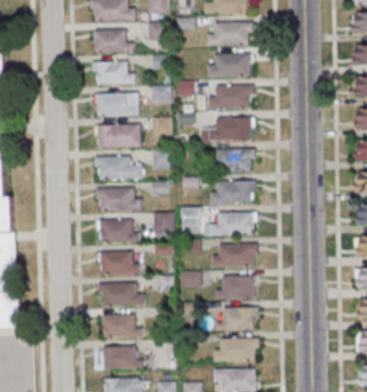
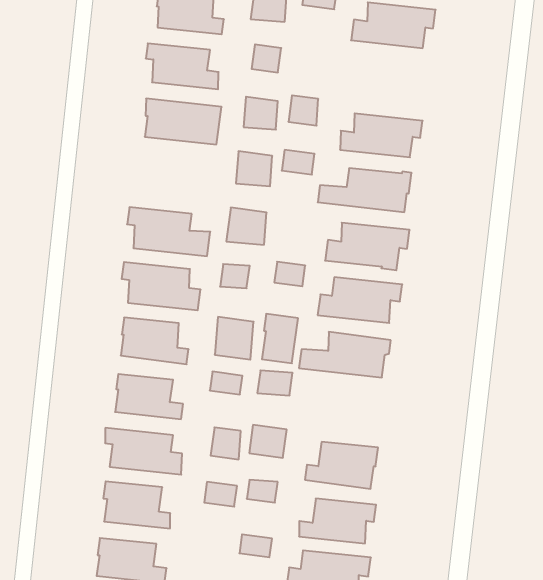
building: [207,53,250,77] -> none
building: [96,124,140,148] -> none
building: [210,244,256,267] -> none

